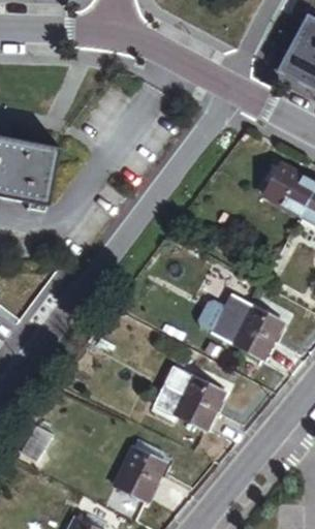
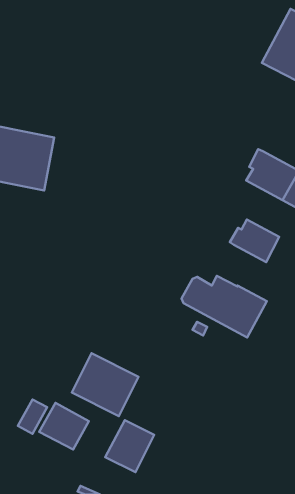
building: none -> [230,219,279,262]
building: [154,364,224,430] -> [72,353,138,416]
building: none -> [39,403,89,450]

